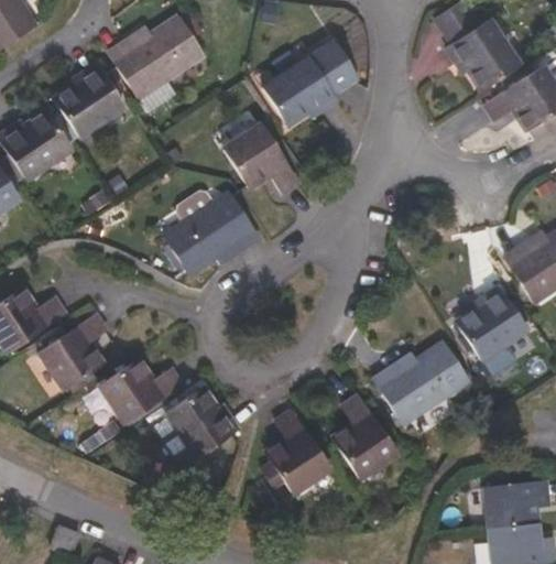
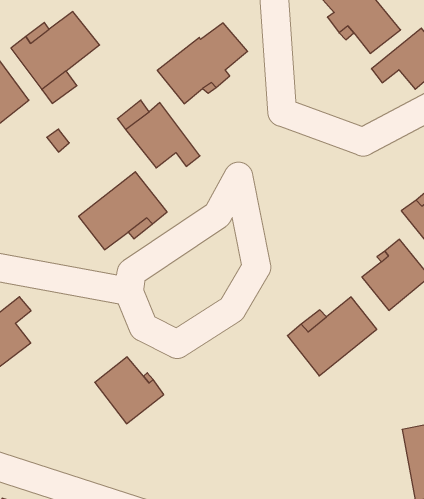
building: [99,359,182,423] -> none
building: [334,399,399,479] -> none
building: [261,410,331,494] -> none

